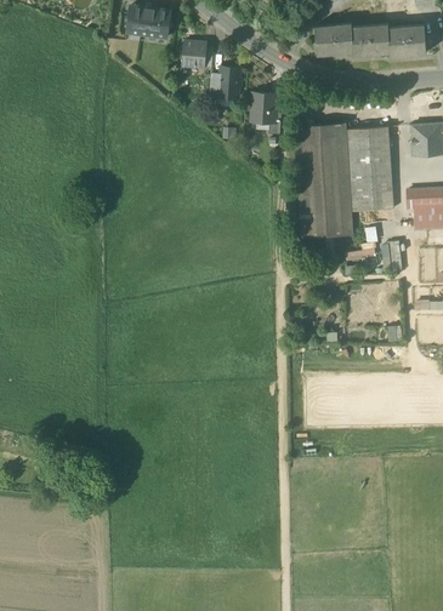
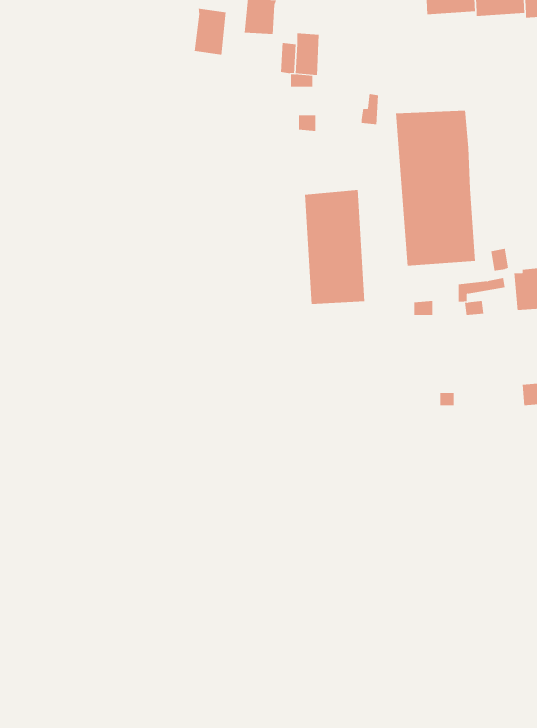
building: none -> [194,8,226,56]
building: [252,93,274,122] -> none
building: [348,126,393,211] -> [304,190,365,305]

